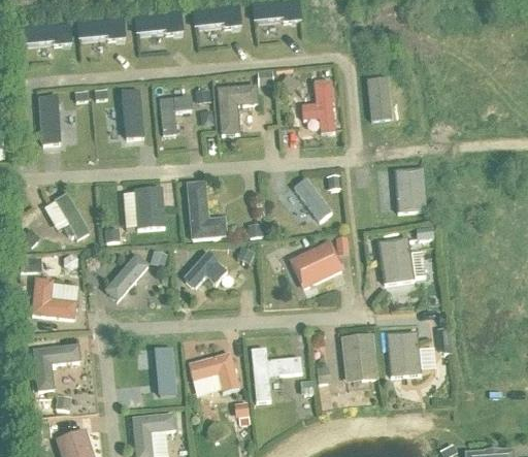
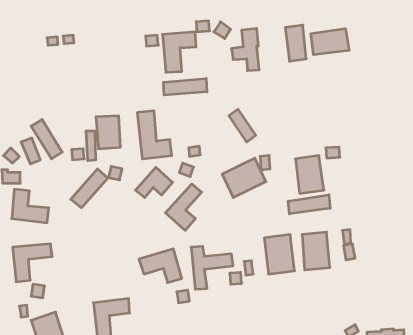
building: none -> [311,29,349,55]
building: [122,89,144,138] -> none
building: [38,95,59,144] -> none
building: [159,95,192,134] -> none
building: none -> [164,78,207,95]
building: [394,167,426,211] -> none
building: none -> [165,184,202,230]
building: none -> [288,195,330,214]
building: [155,345,175,395] -> none

